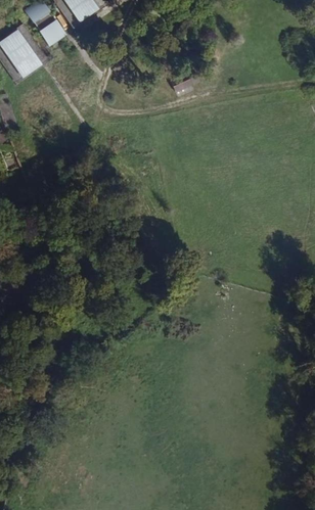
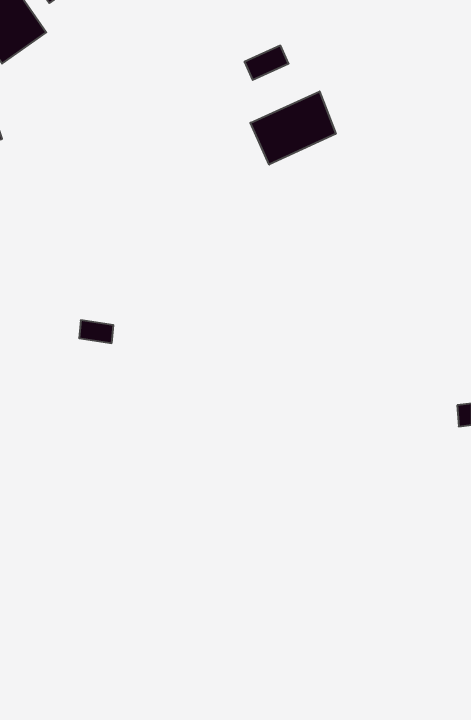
building: none -> [250,91,336,165]

